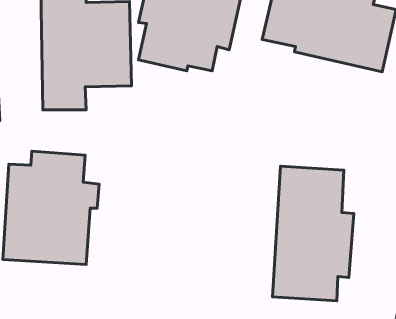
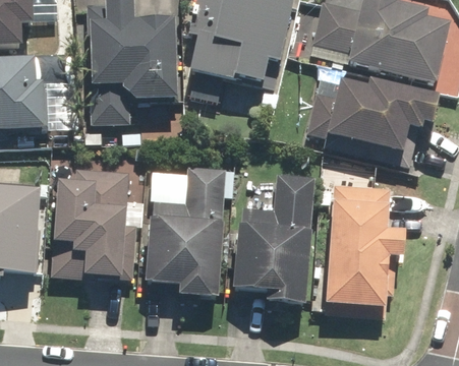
building: none -> [306,74,439,165]
building: none -> [144,162,228,302]
building: none -> [230,170,317,310]

